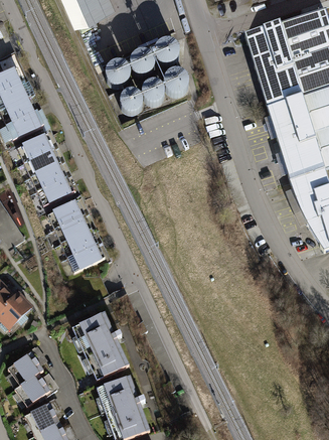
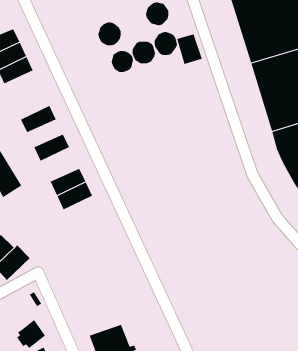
building: [128,50,153,75] -> none
building: none -> [176,34,203,65]
building: [5,111,43,140] -> none
building: [15,133,53,162] -> none
building: [29,162,67,191] -> none
building: [46,198,85,228] -> none
building: [67,243,105,272] -> none
building: [71,311,128,379] -> none
building: [10,351,42,384] -> none

